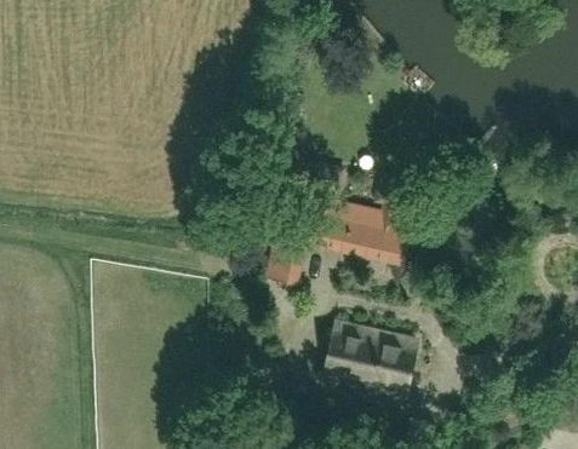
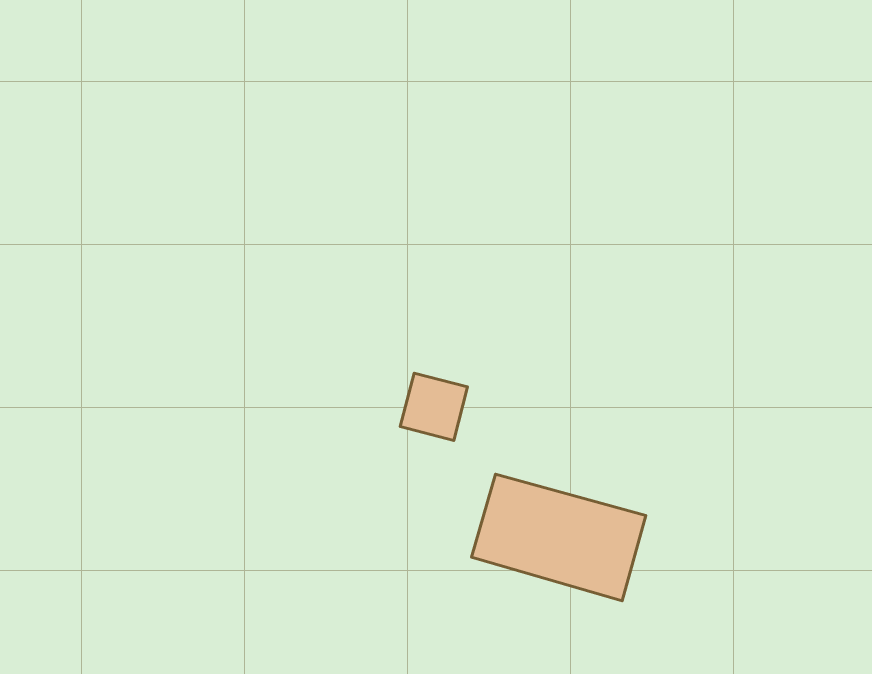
building: [317,200,405,263] -> none

